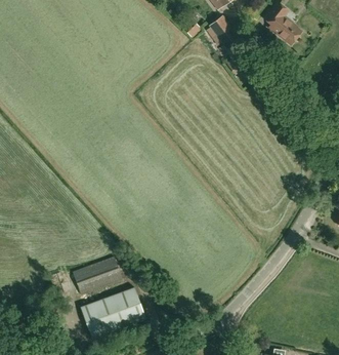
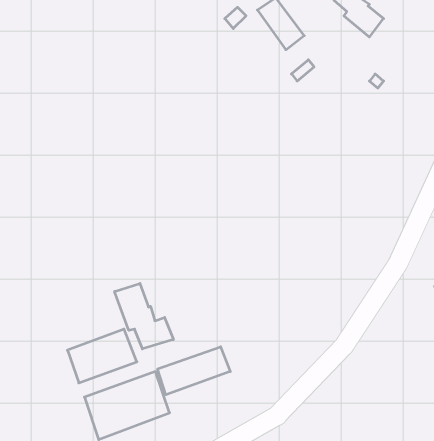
building: none -> [115,283,173,349]
building: none -> [158,347,230,395]

